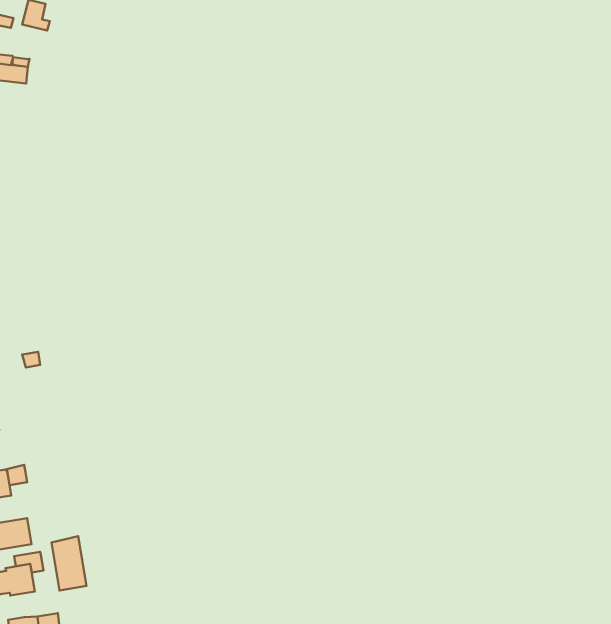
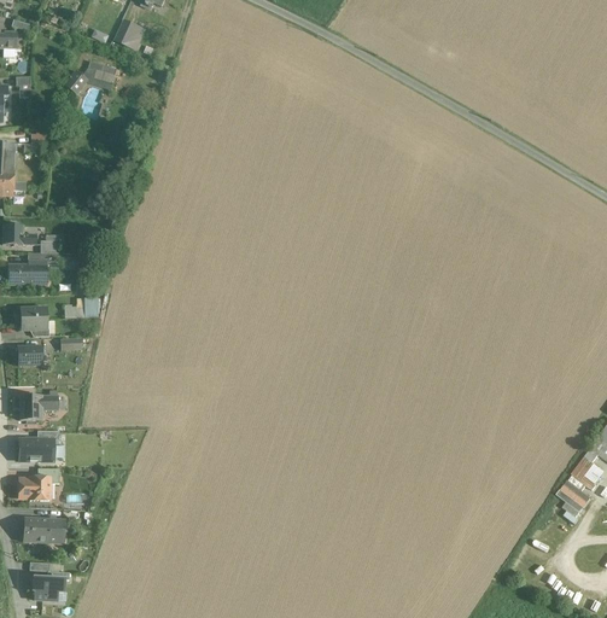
building: [51,536,86,590] -> none

